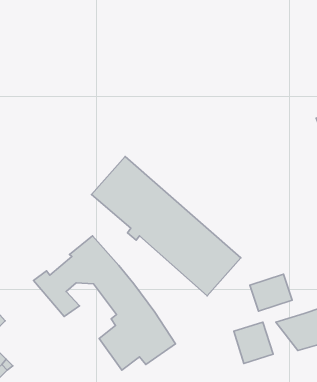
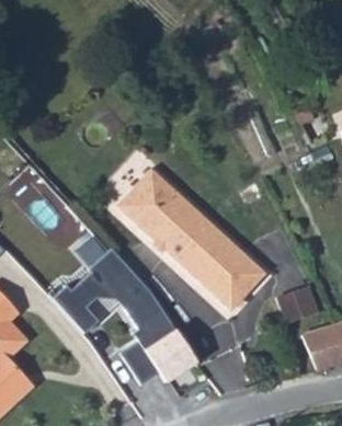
building: [234,322,273,364] -> none

